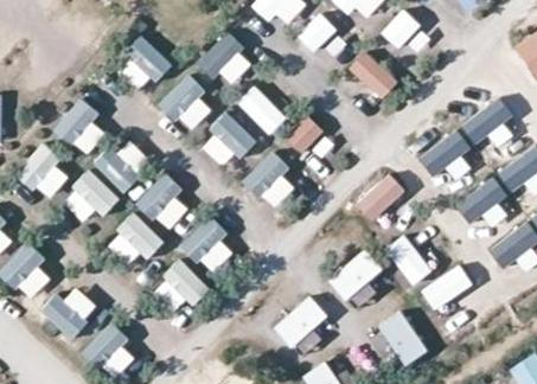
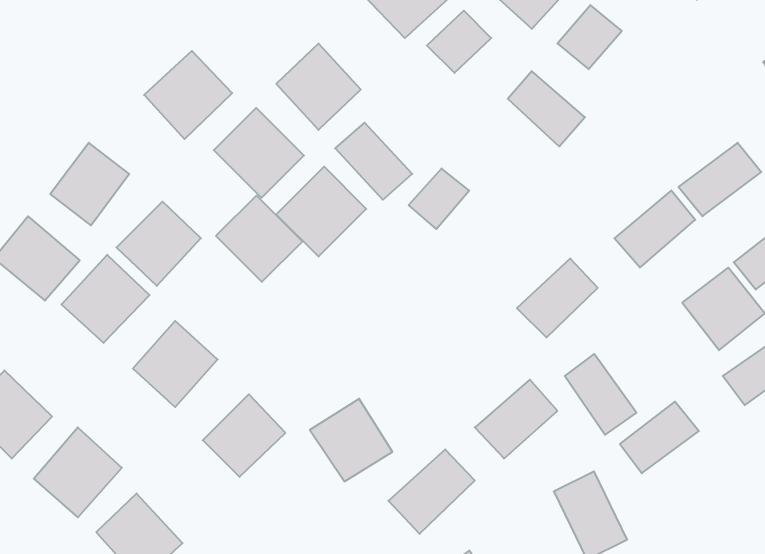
building: [243,154,298,209] -> none
building: [136,174,192,230] -> [216,196,302,282]
building: [181,219,235,273] -> [310,399,392,481]

